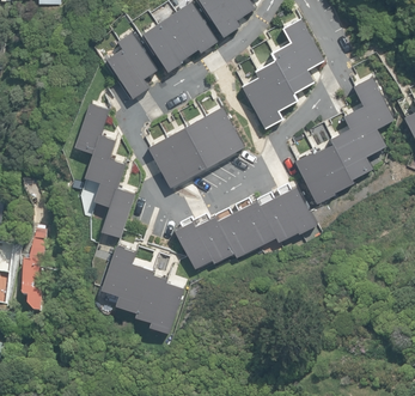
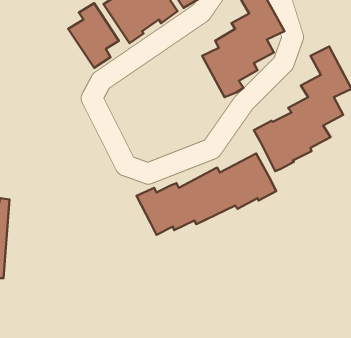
building: [73,103,135,238] -> none
building: [146,106,244,188] -> none
building: [100,245,183,333] -> none

